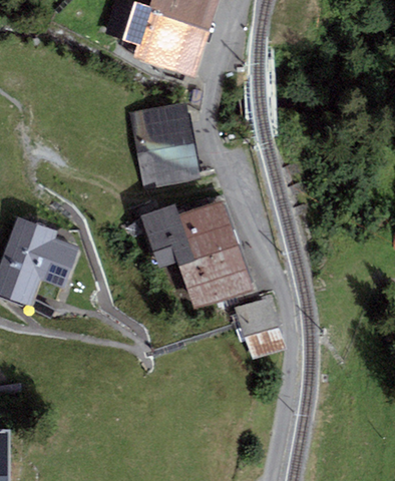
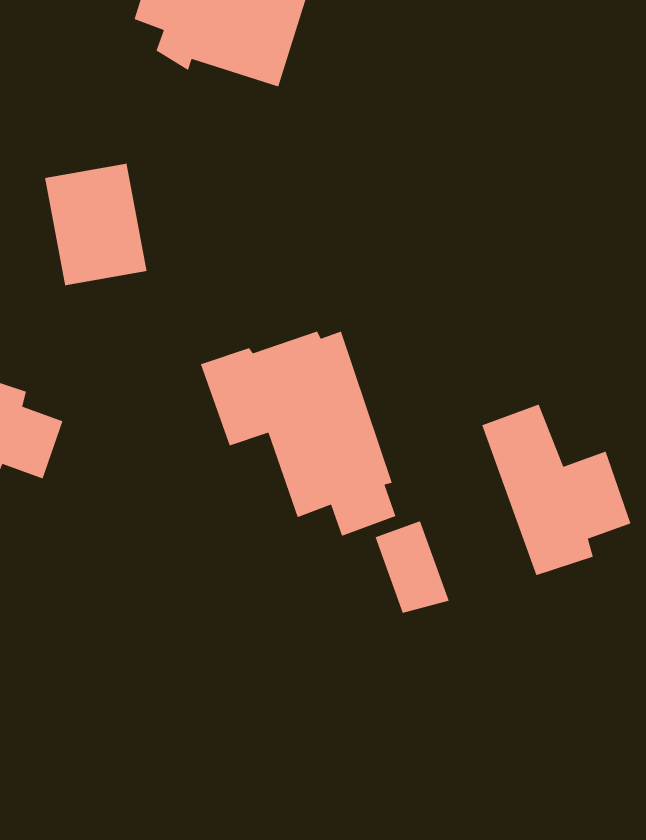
building: [135,114,191,181] -> [44,163,147,286]
building: none -> [481,404,631,576]

